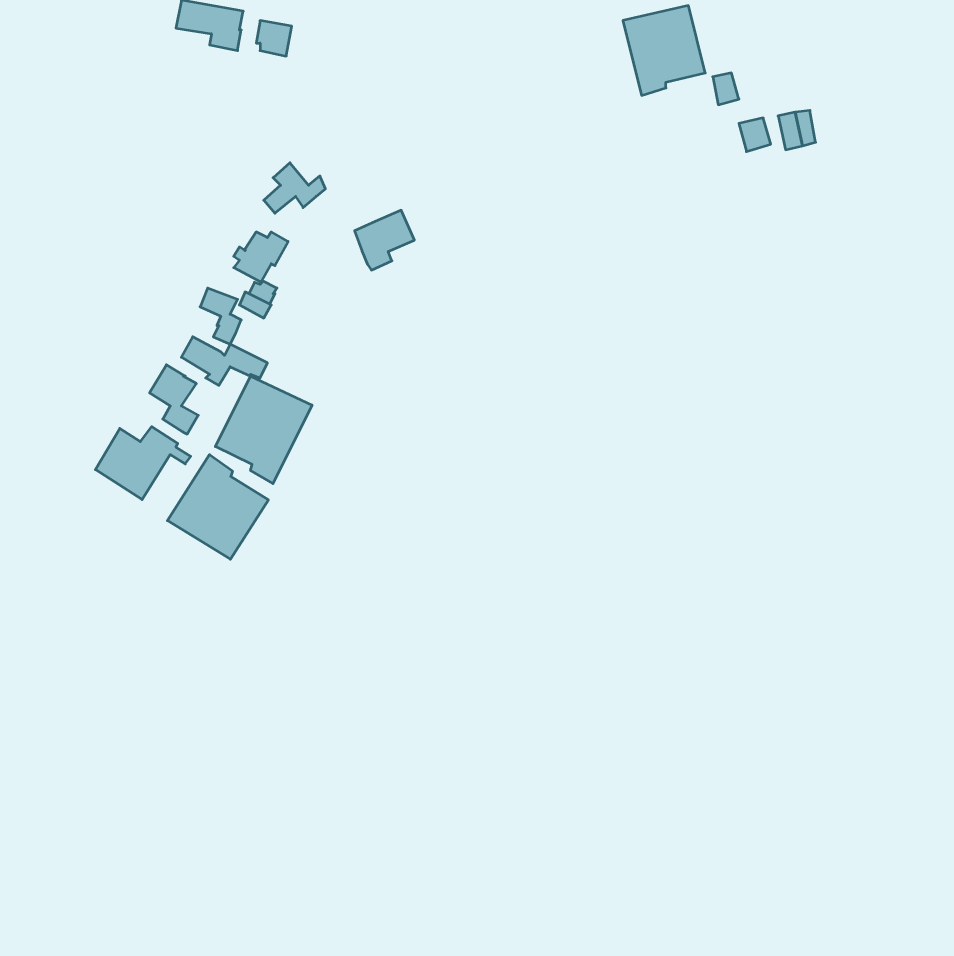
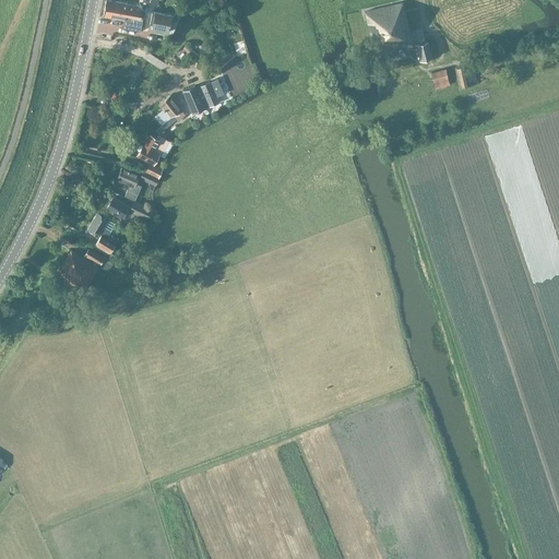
building: [355,210,414,270] -> [183,79,218,114]
building: [215,376,312,484] -> none
building: [167,455,268,559] -> none

